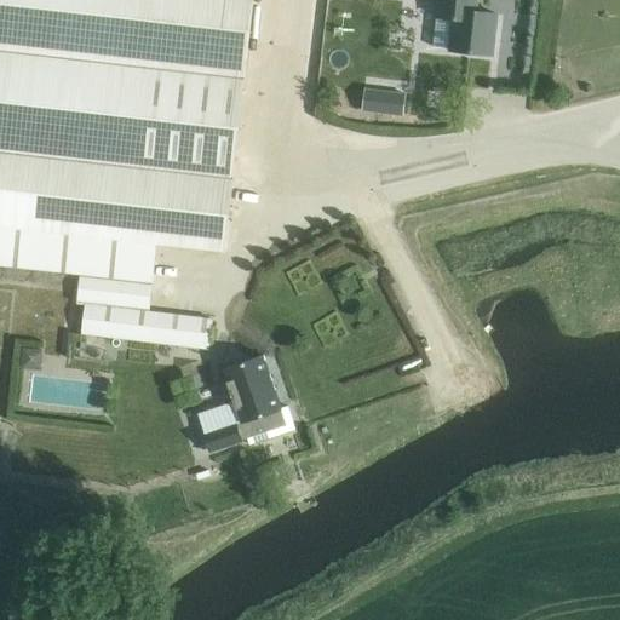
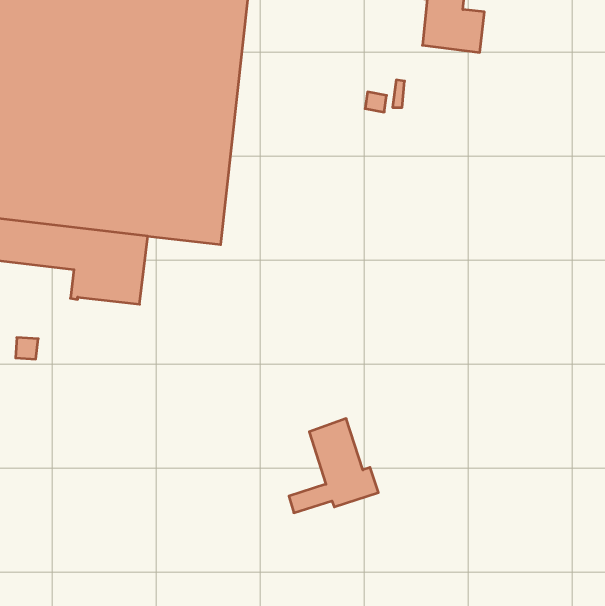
building: [75,302,207,346] -> none
building: [199,354,289,449] -> [289,419,378,513]

